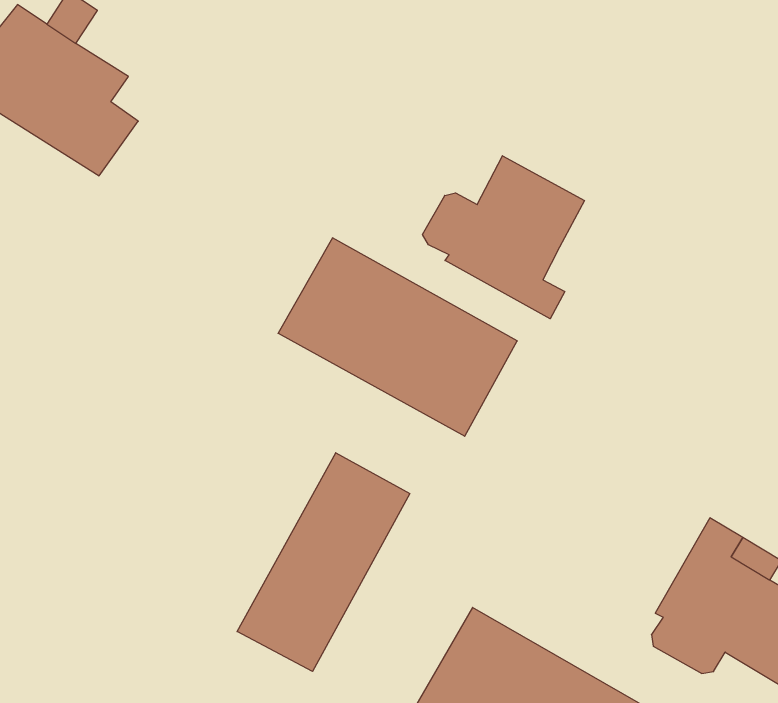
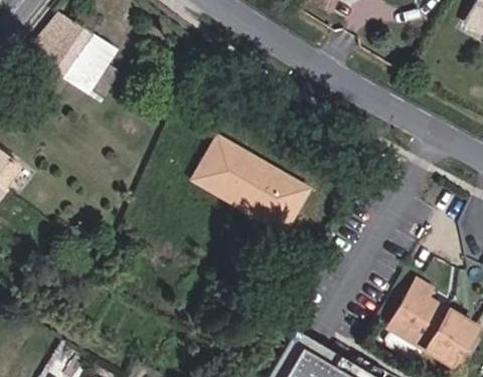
building: [422,156,584,319] -> none
building: [237,453,410,671] -> none

